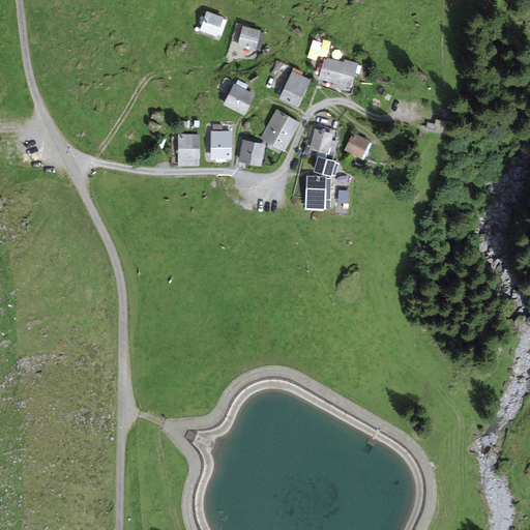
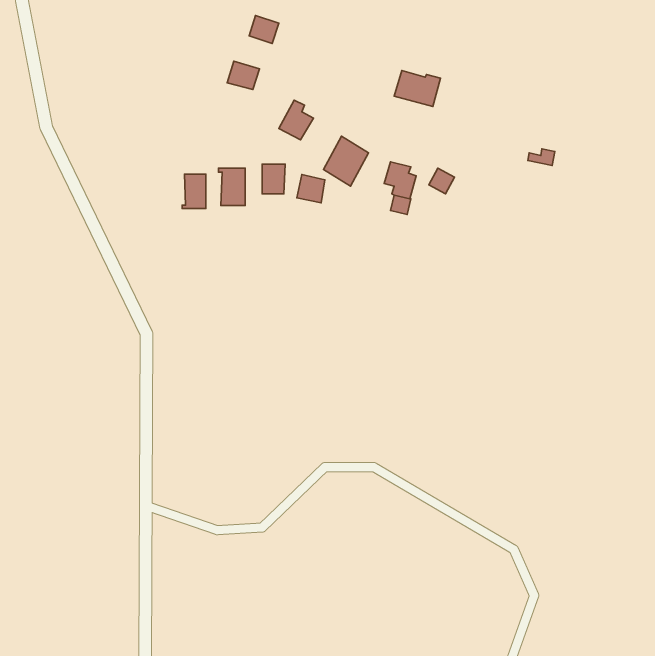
building: [237,27,263,50] -> [227,61,259,89]
building: [281,68,308,105] -> none
building: none -> [182,174,206,209]
building: [305,177,330,208] -> none

